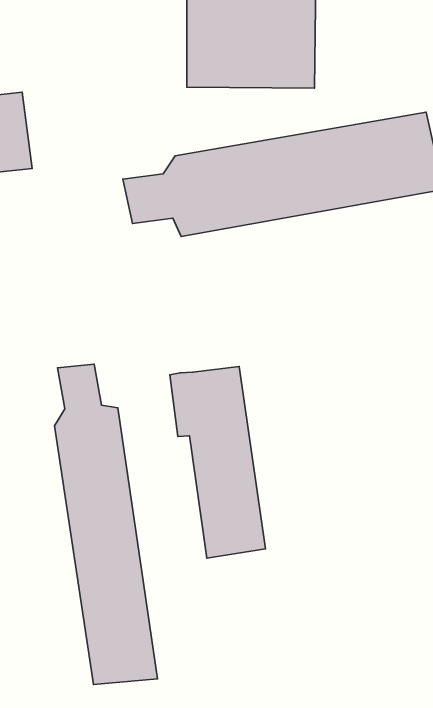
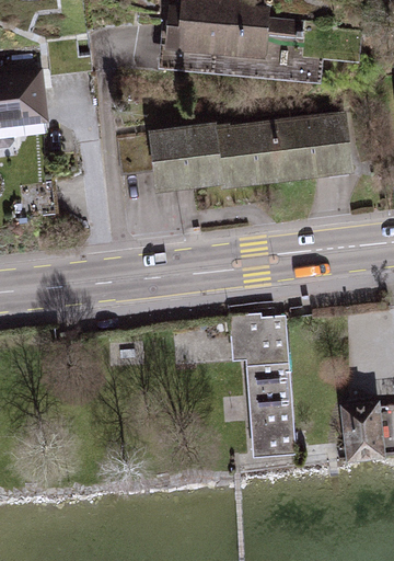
building: [55,364,157,684] -> none
building: [170,366,266,558] -> [231,313,296,457]

